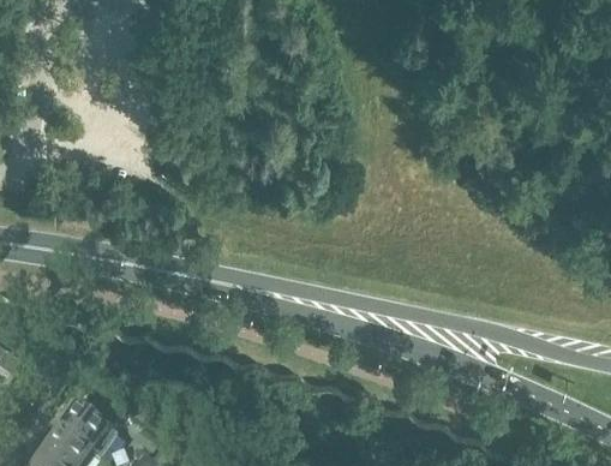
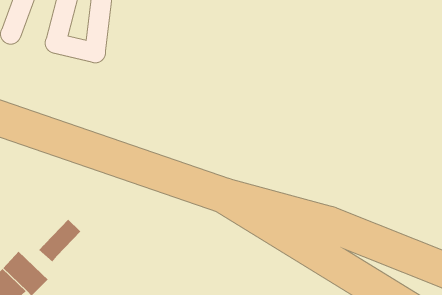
building: none -> [38,219,81,263]

